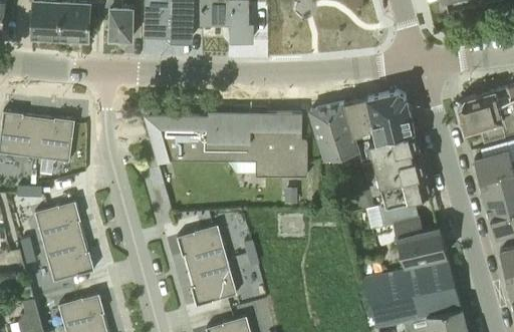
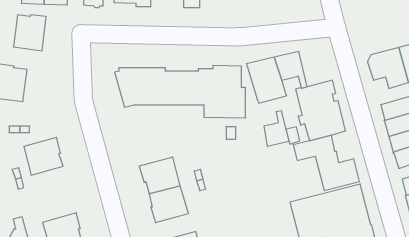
building: [372,90,414,138] -> none
building: [34,117,74,161] -> [13,15,46,51]
building: none -> [264,111,289,147]
building: [44,236,94,281] -> none

